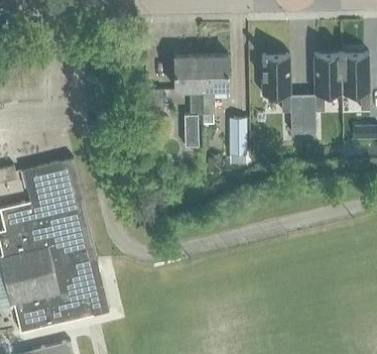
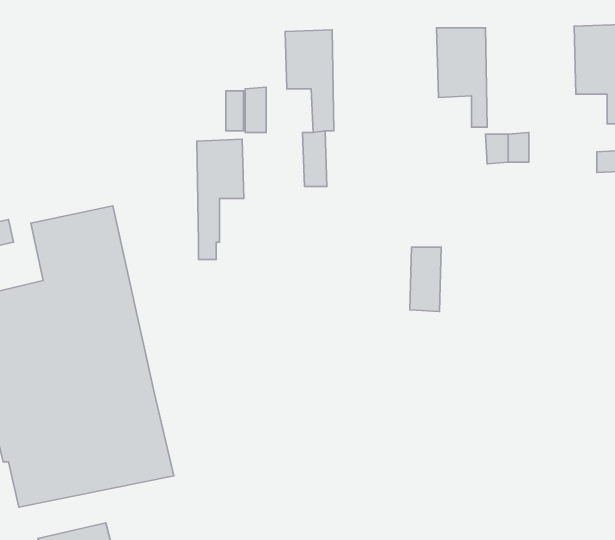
building: [313,53,342,111] -> none
building: [201,54,228,124] -> [197,139,244,260]
building: [228,118,246,155] -> [410,247,441,312]

